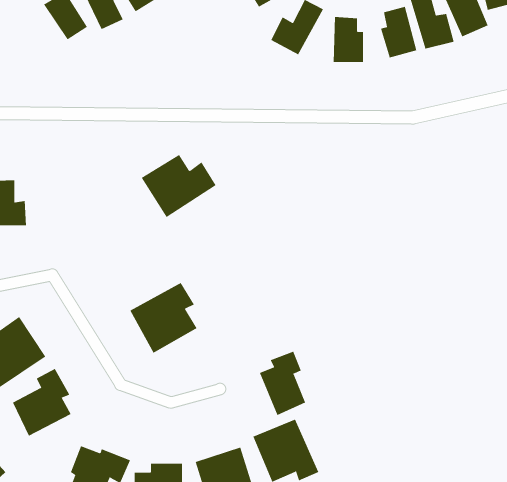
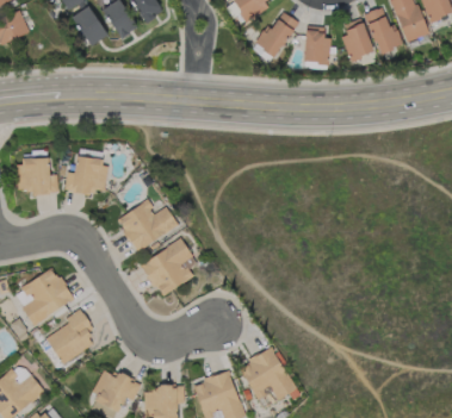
building: [141,154,217,218] -> [117,200,178,251]
building: none -> [64,157,109,195]
building: [259,351,306,416] -> none

